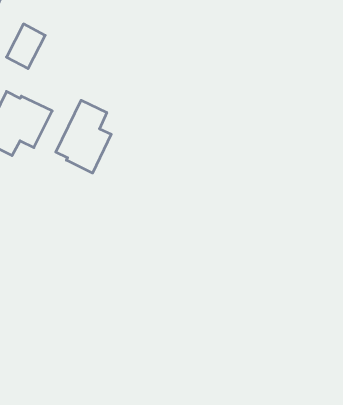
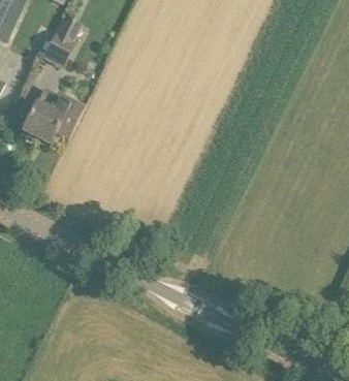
building: [56,100,111,173] -> none

